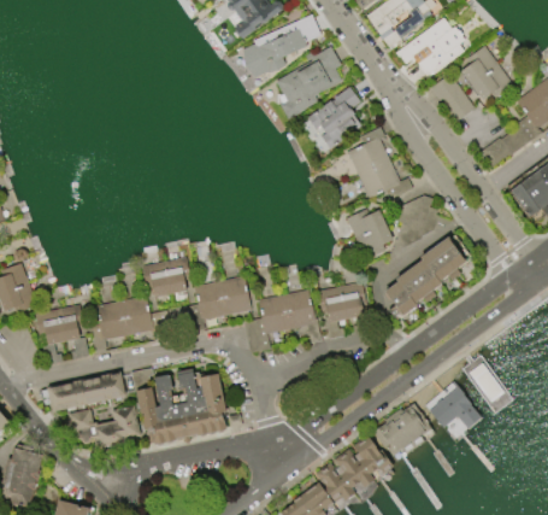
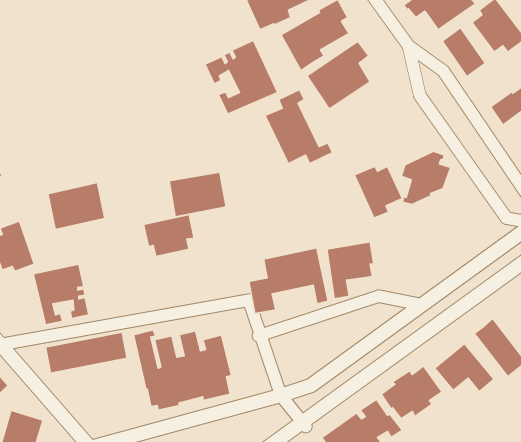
building: none -> [205,40,278,114]
building: [347,127,413,199] -> [265,89,333,164]
building: [384,238,465,316] -> none
building: [196,277,252,321] -> [169,172,226,217]
building: [98,295,153,341] -> [48,183,105,230]
building: [69,406,141,450] -> none

